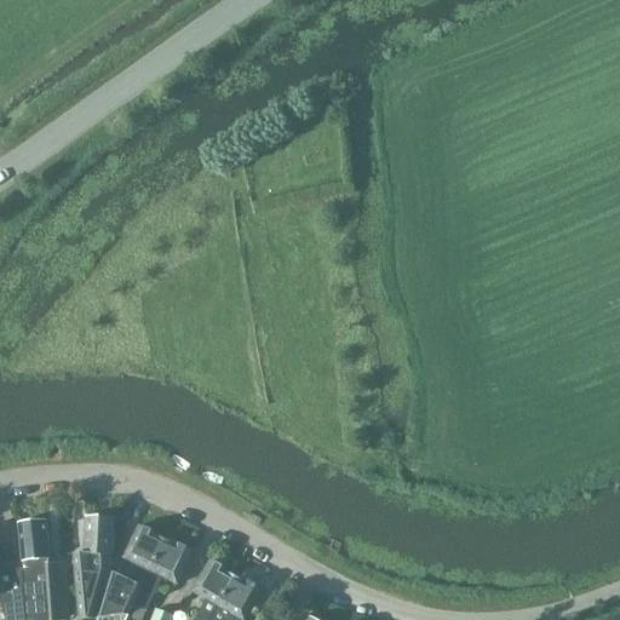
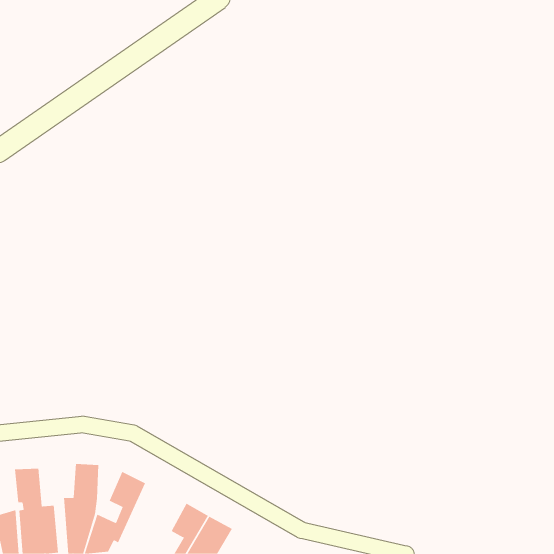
building: [132,538,189,609] -> none

